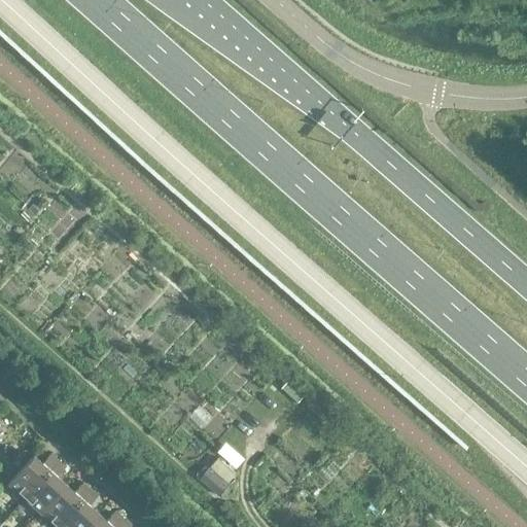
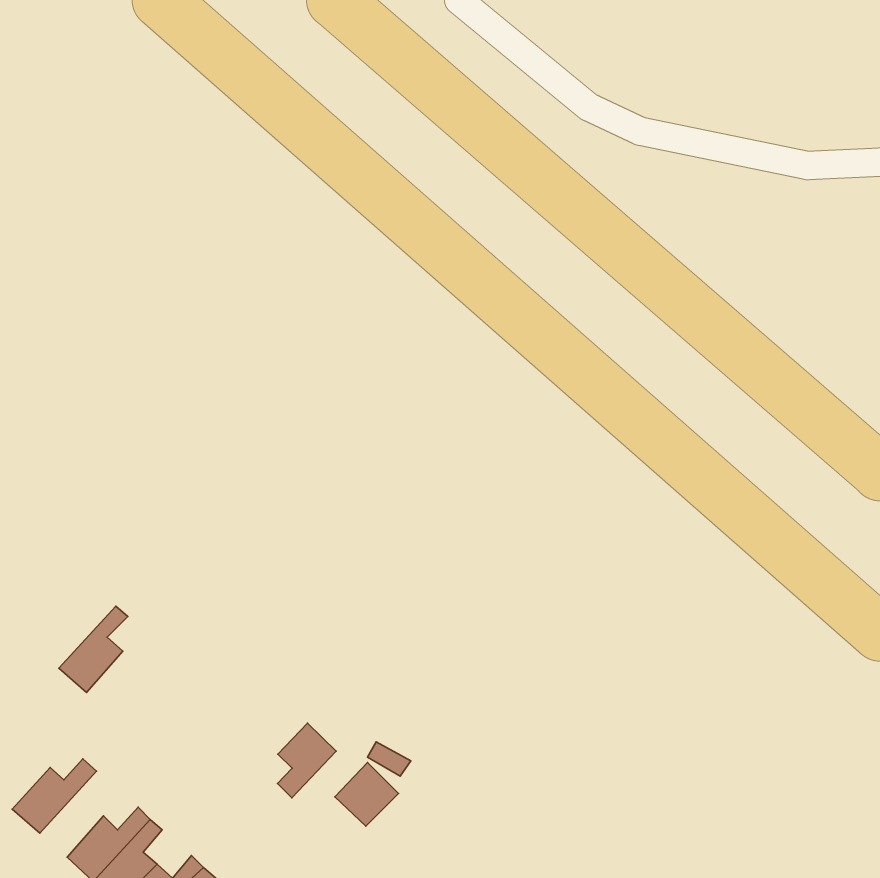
building: none -> [277,723,336,798]
building: [24,462,65,514] -> [59,606,128,692]

